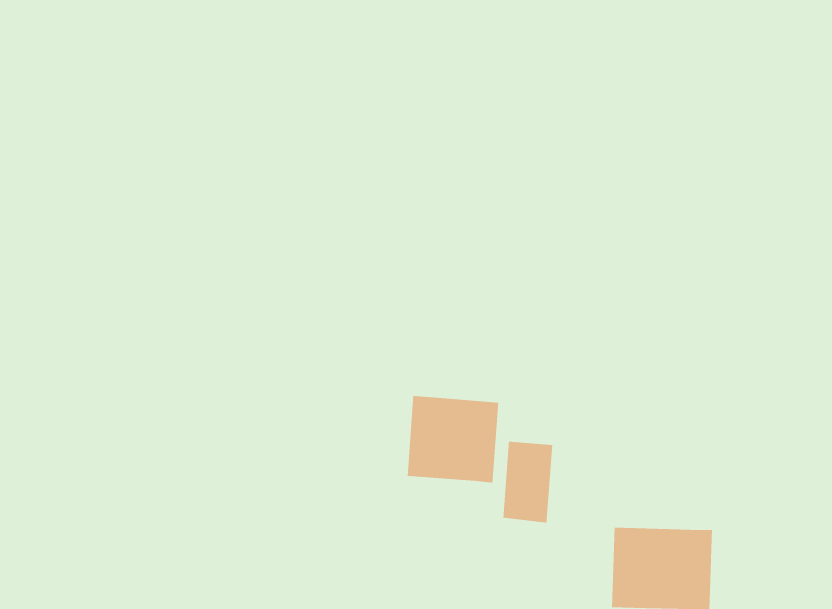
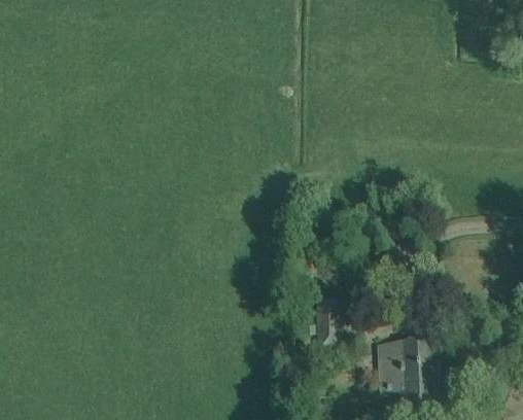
building: [407,395,499,484] -> none

